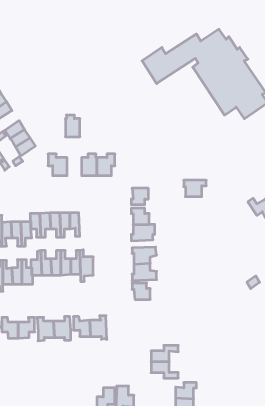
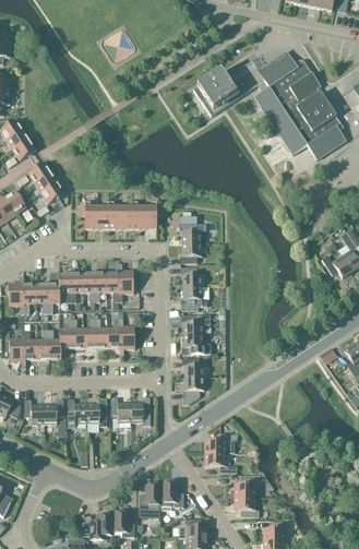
building: [65,115,80,137] -> [103,202,120,228]
building: [184,180,206,197] -> [179,224,206,243]
building: none -> [117,264,133,301]
building: none -> [182,378,204,405]

